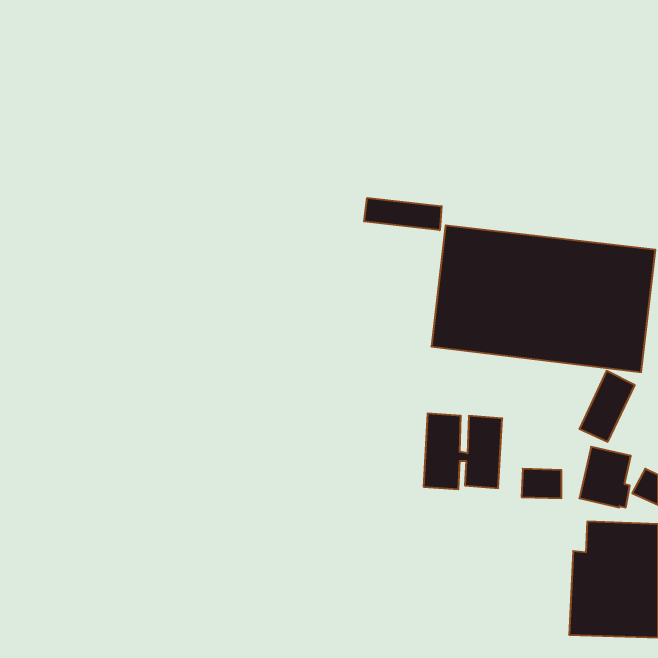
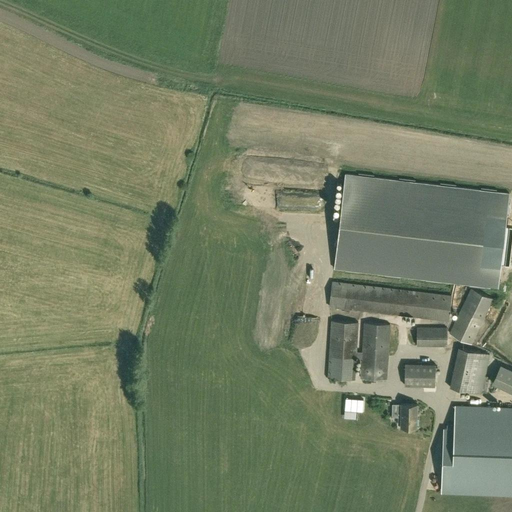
building: [364,198,442,230] -> none
building: none -> [330,281,452,321]
building: none -> [417,327,448,346]
building: none -> [391,404,418,427]

